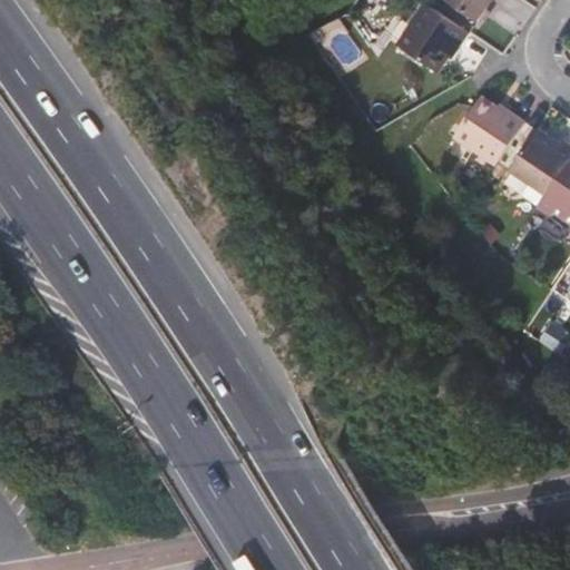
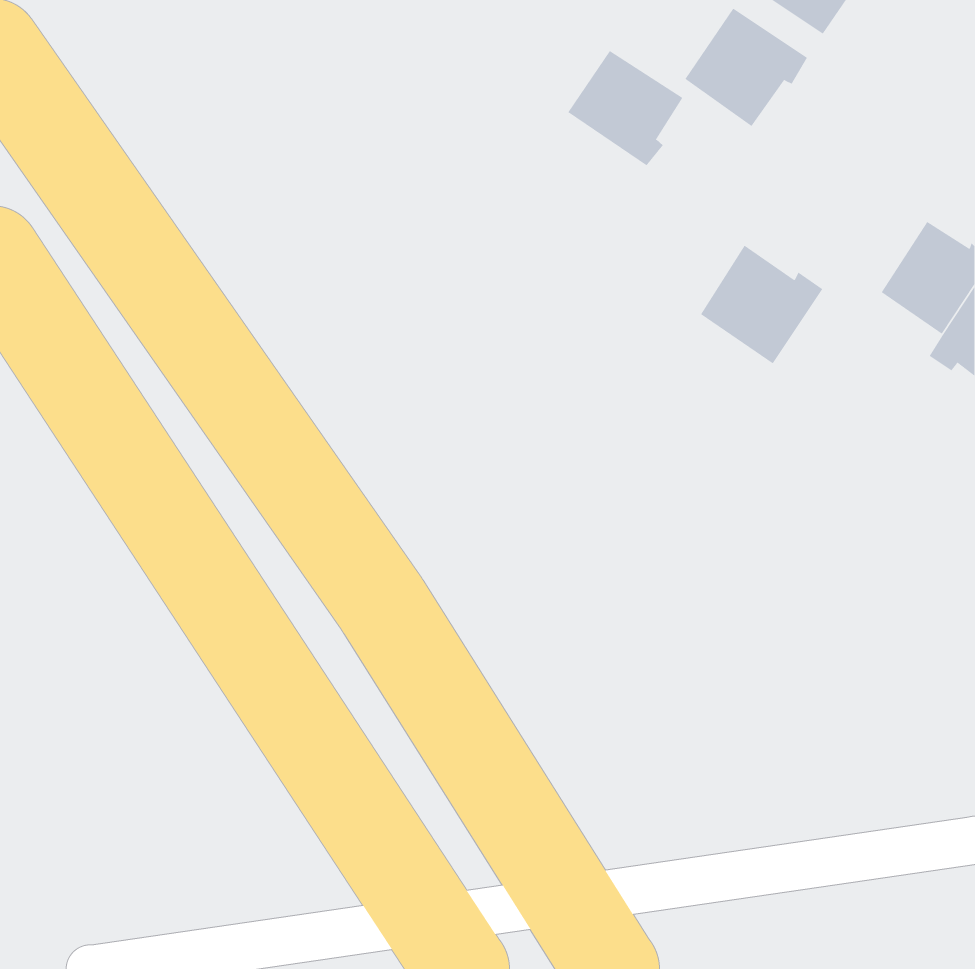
building: none -> [568,50,683,166]
building: [454,95,525,164] -> [700,245,823,364]

